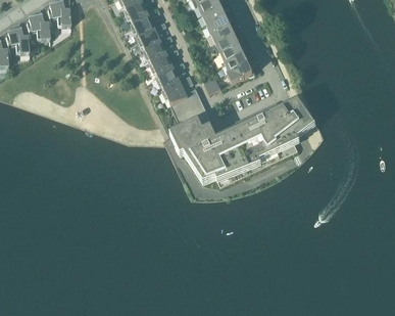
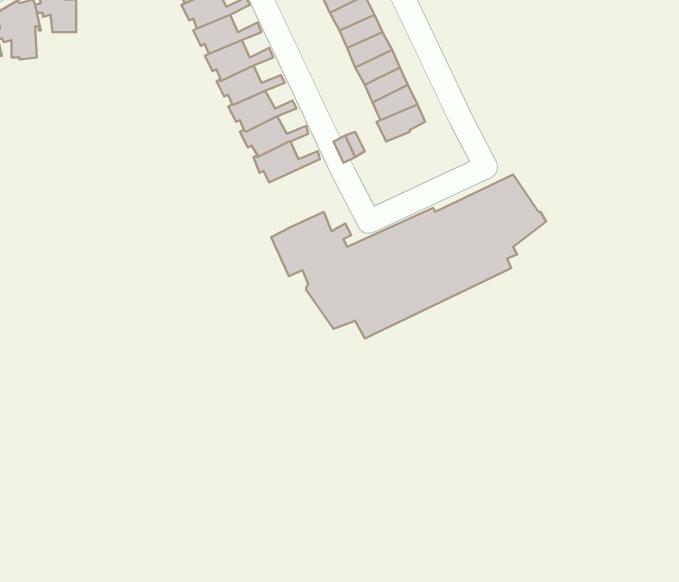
building: [170,91,213,129] -> none

